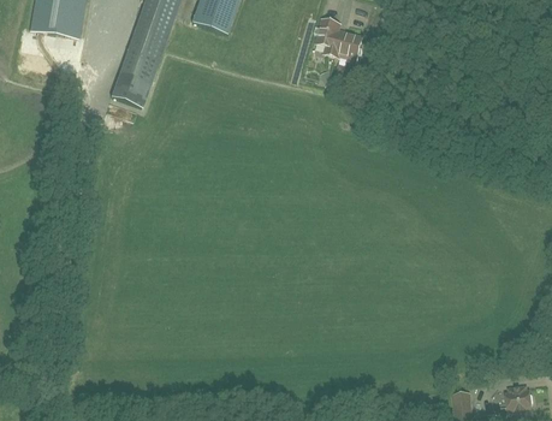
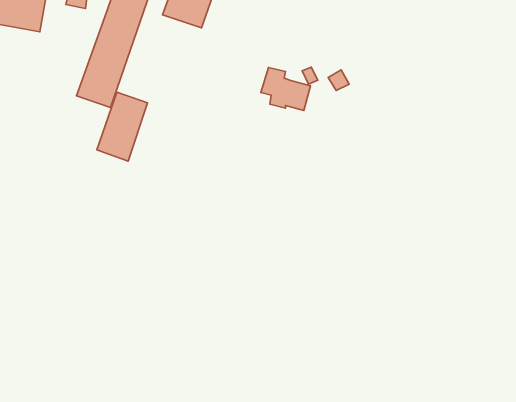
building: [316,18,362,58] -> [261,68,310,111]
building: none -> [97,92,147,161]

